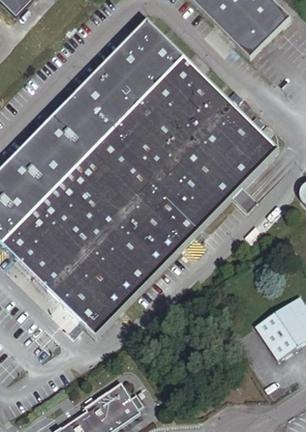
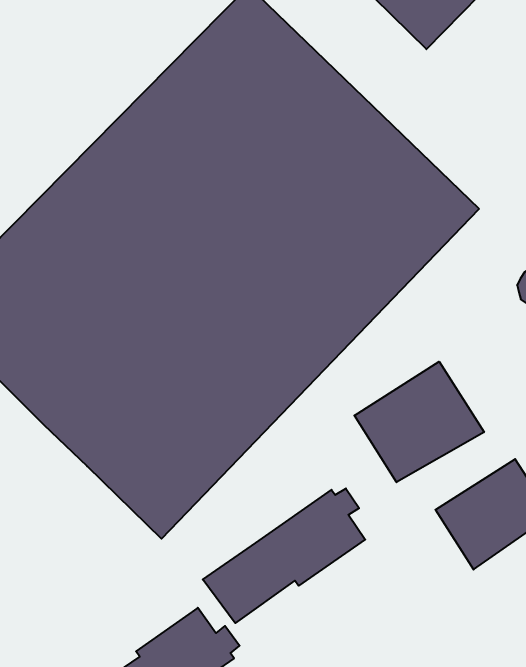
building: none -> [354,362,484,482]
building: none -> [203,488,365,623]

